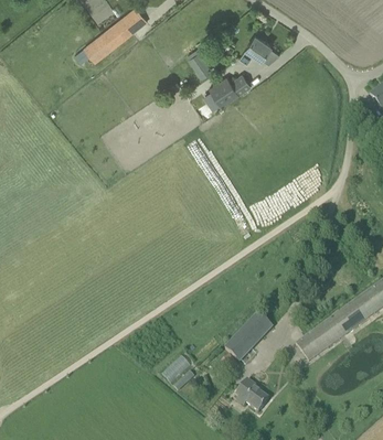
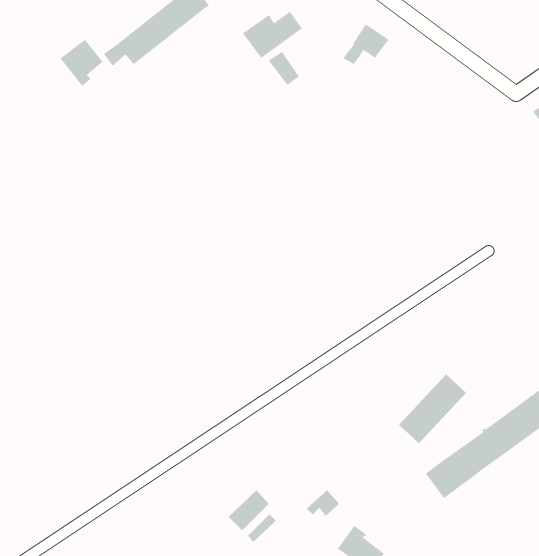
building: none -> [59,39,103,87]
building: [208,74,249,107] -> [242,11,303,59]
building: [224,313,272,362] -> [398,374,467,444]

